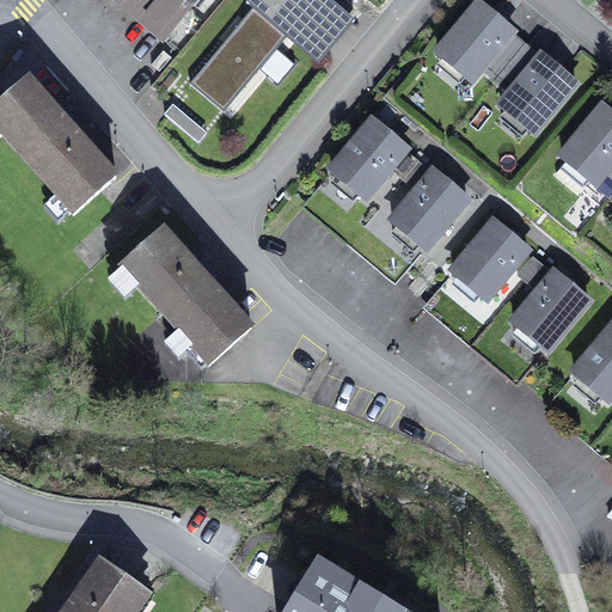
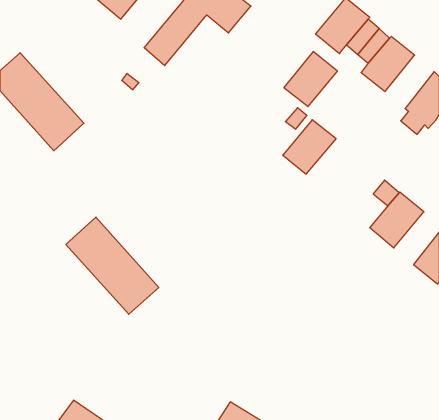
building: [332,118,406,195] -> [284,51,337,107]
building: [454,219,528,296] -> none
building: [123,228,252,363] -> [66,217,159,314]

